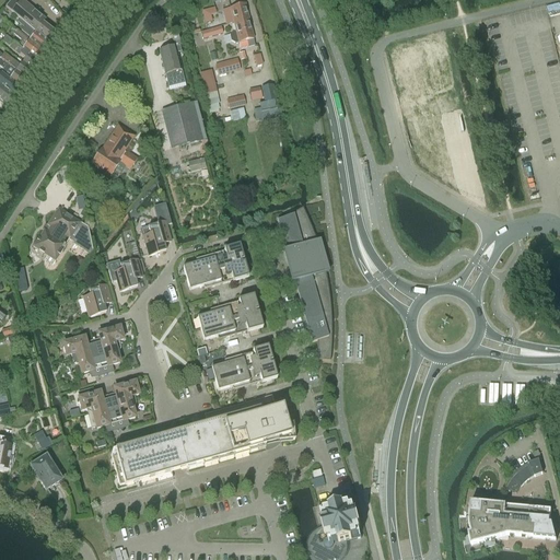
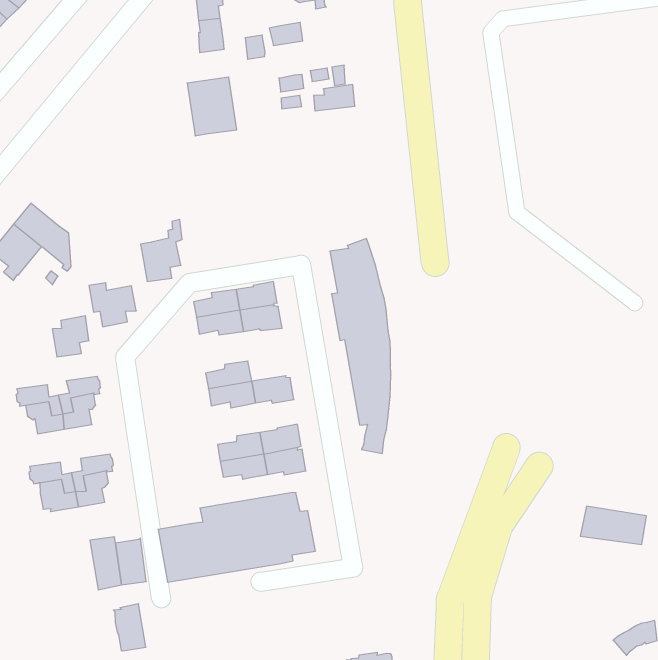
building: [91,122,137,173] -> none
building: [226,293,257,316] -> none
building: [110,447,137,482] -> [113,604,146,651]

